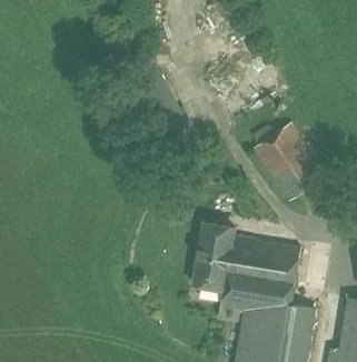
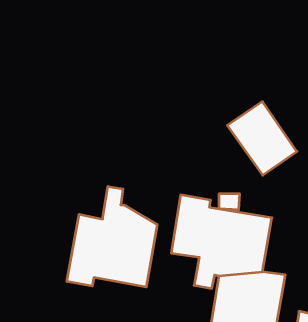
building: none -> [67,186,157,287]

